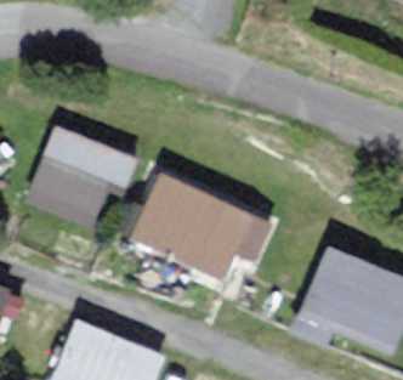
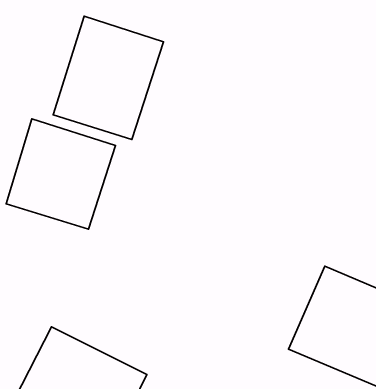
building: none -> [53,16,164,140]
building: [126,171,267,288] -> none

